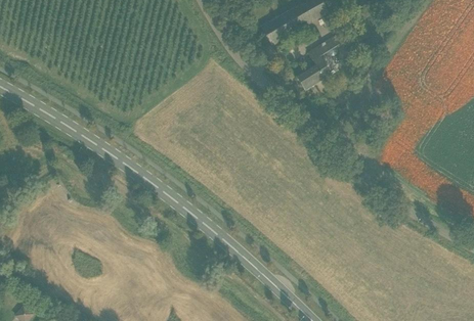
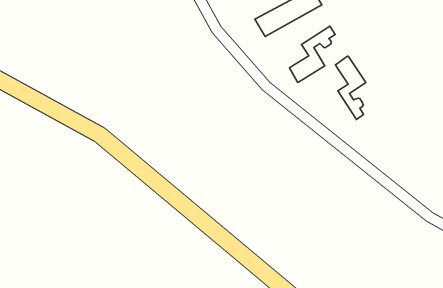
building: none -> [335,56,366,119]

